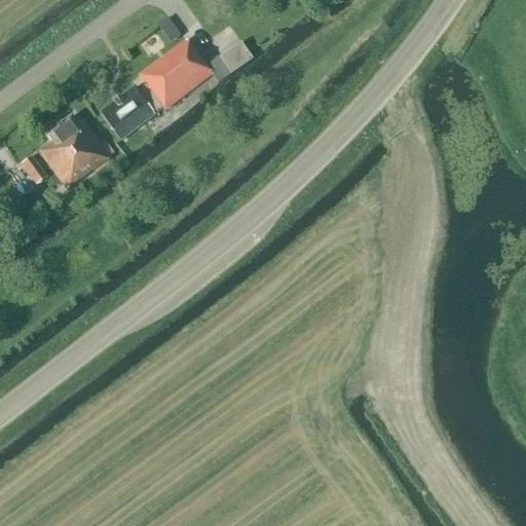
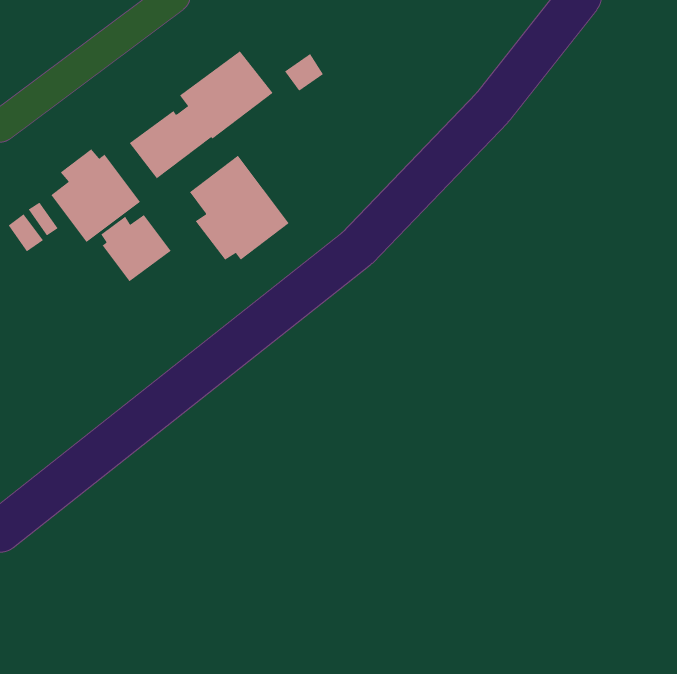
building: none -> [189,155,290,261]
building: none -> [101,214,171,282]

